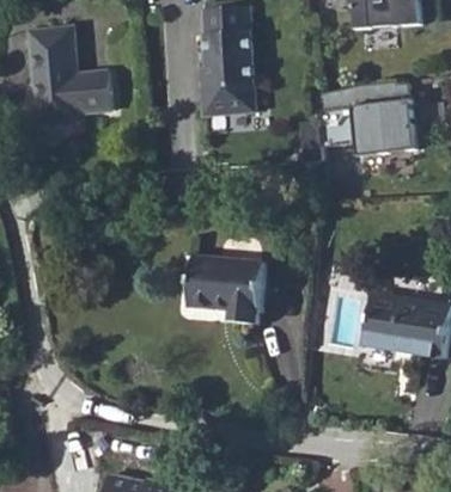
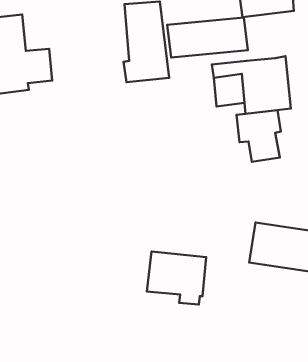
building: none -> [167,17,248,57]
building: none -> [237,110,281,162]
building: [187,254,263,322] -> [147,252,206,305]

